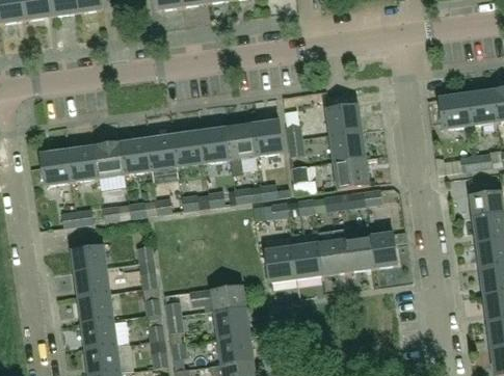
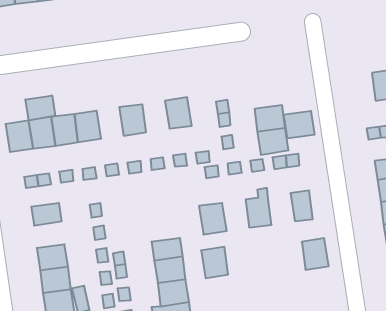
building: [440,95,471,131] -> none
building: [326,105,363,136] -> [283,111,315,138]
building: [253,119,285,156] -> none
building: none -> [25,95,55,121]
building: [201,127,232,163] -> none
building: [148,134,179,170] -> none
building: [346,234,377,270] -> [302,238,329,270]
building: [293,241,324,277] -> [201,247,228,278]
building: [75,266,110,297] -> none

